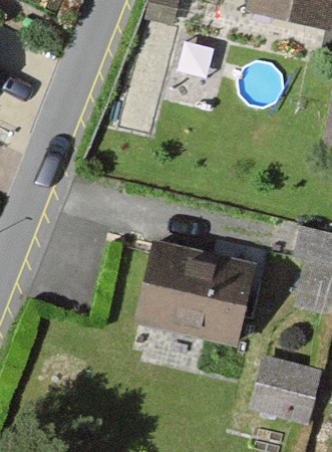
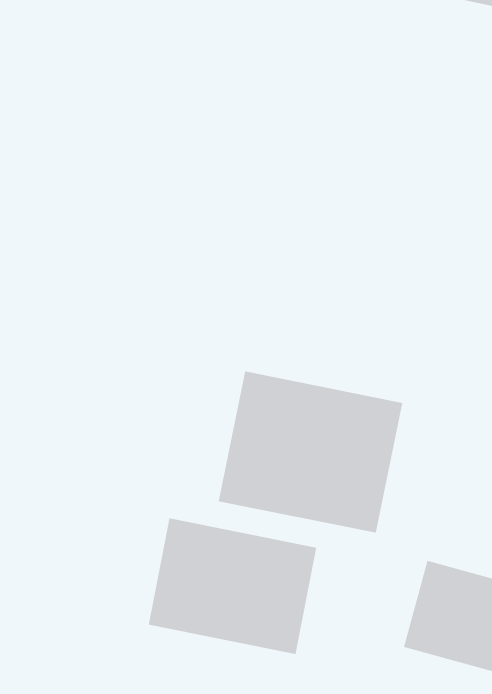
building: none -> [148,517,317,655]

